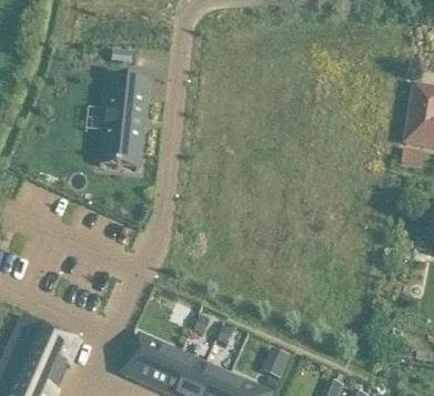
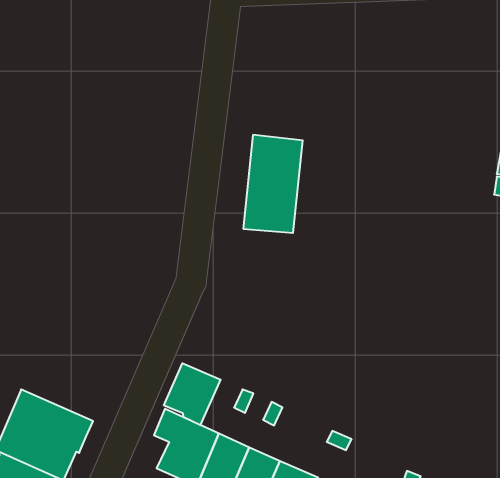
building: [102,77,150,155] -> [243,135,303,233]
building: none -> [164,363,221,425]

